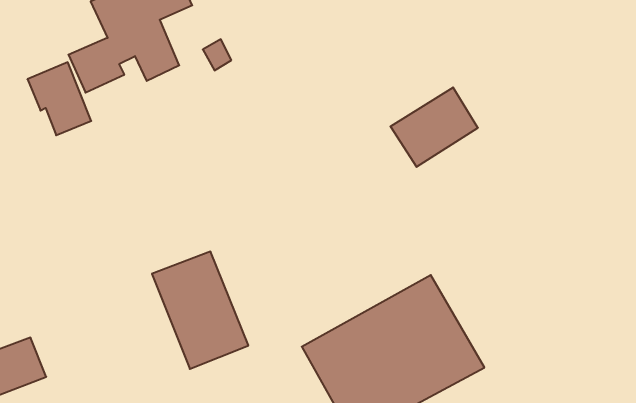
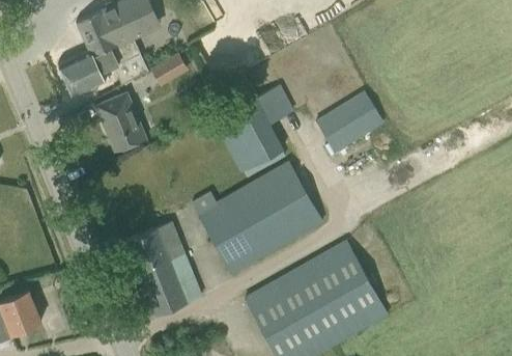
building: [27,62,91,135] -> [95,92,146,150]
building: none -> [207,85,293,176]
building: none -> [193,162,324,274]

